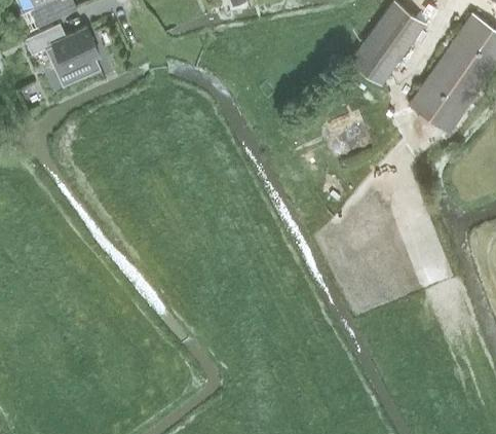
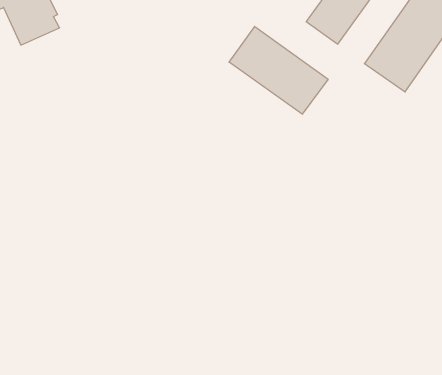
building: none -> [229,26,328,114]

